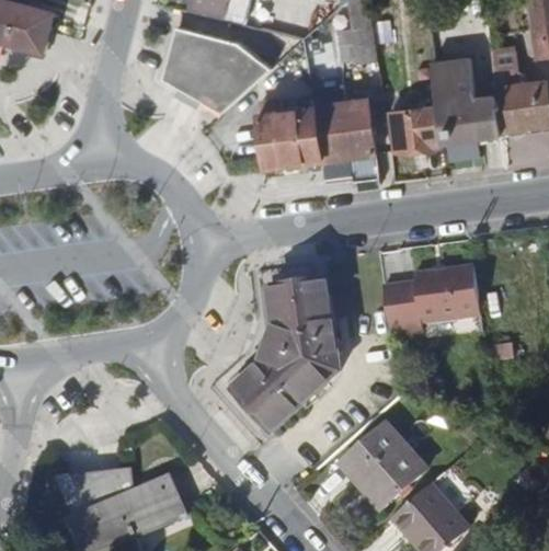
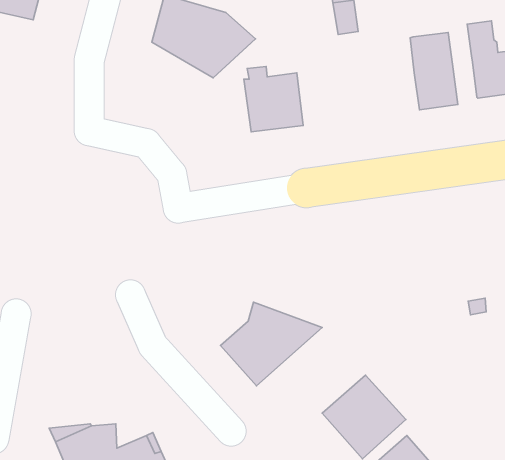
building: [311,87,375,180] -> none
building: [389,107,441,151] -> none
building: [381,264,478,336] -> none
building: [268,279,341,371] -> none

